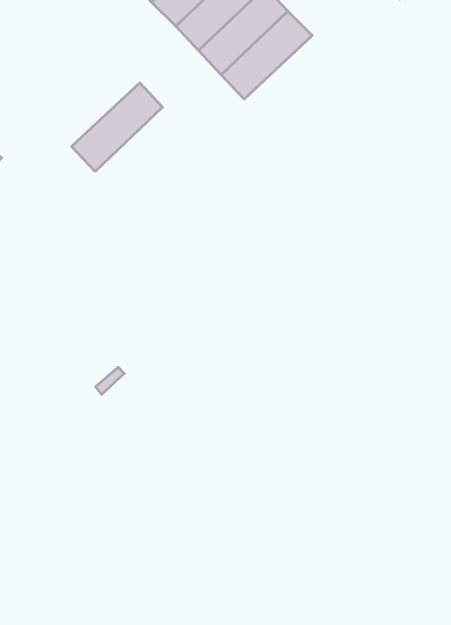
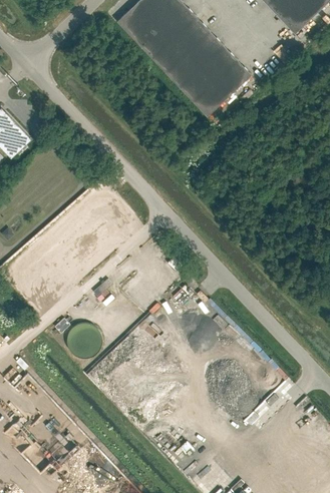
building: [72,83,163,171] -> [191,57,251,115]

